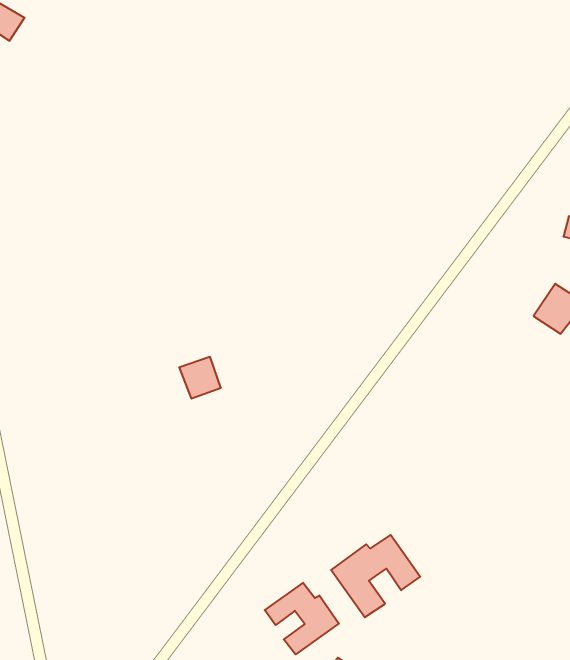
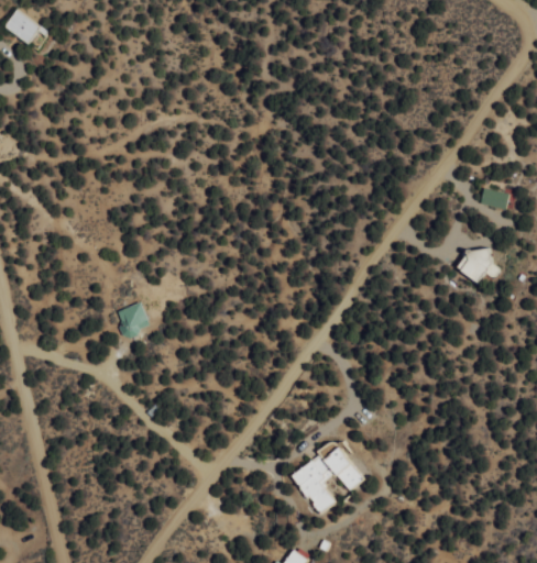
building: [179,357,221,399] -> [116,302,150,336]
building: [265,583,339,654] -> none

